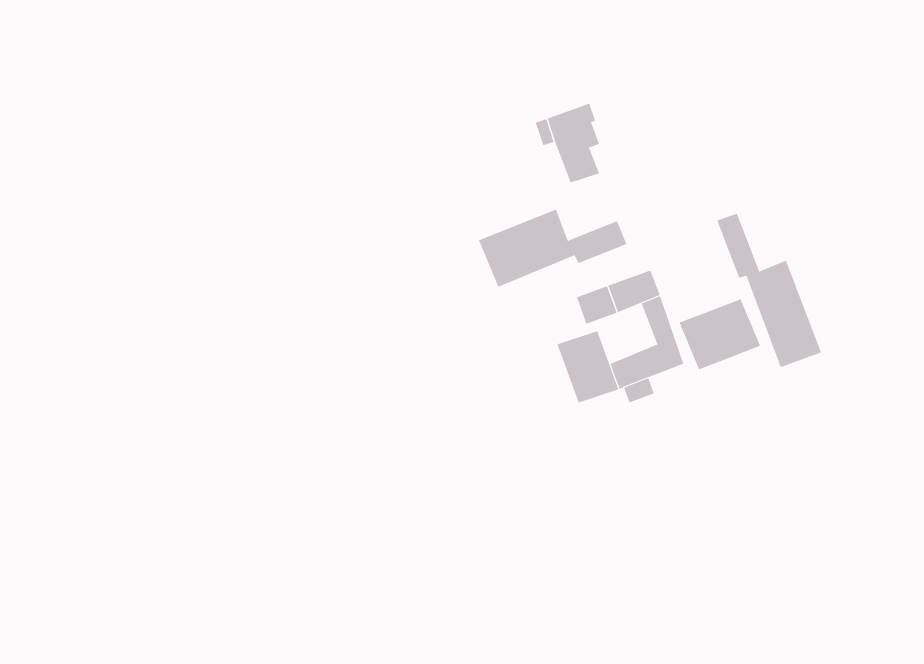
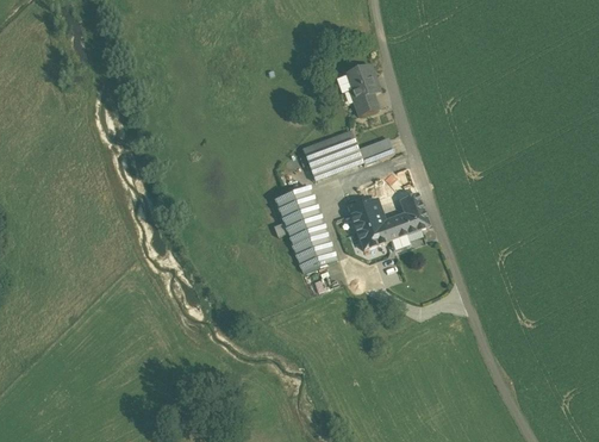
building: [717,213,822,368] -> none
building: [679,298,761,370] -> none
building: none -> [275,186,336,270]

